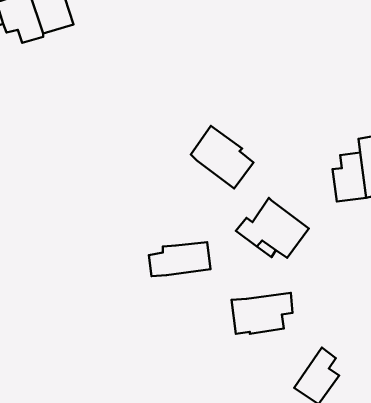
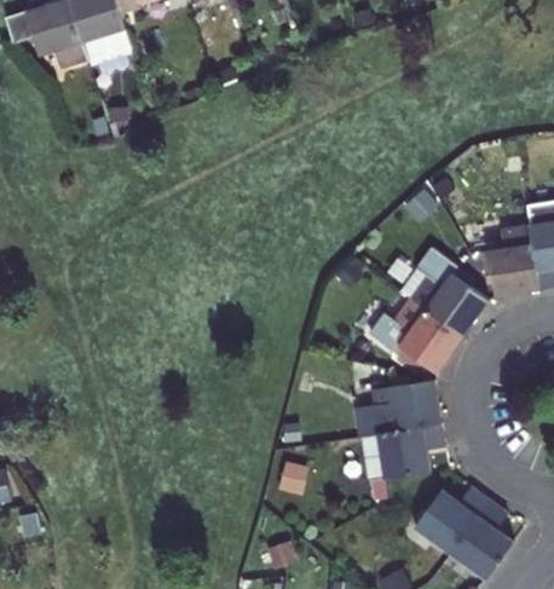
building: [191,126,253,188] -> [404,241,491,328]
building: [149,242,211,276] -> [353,380,439,427]
building: none -> [408,480,483,549]

